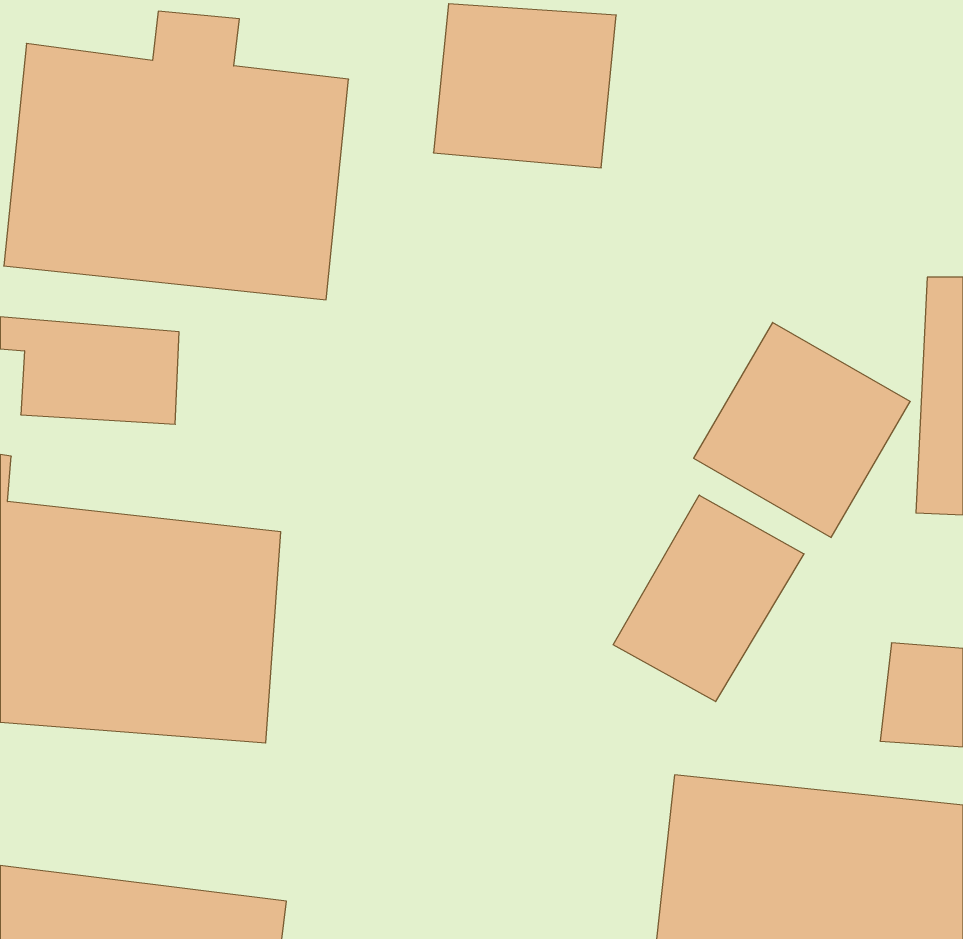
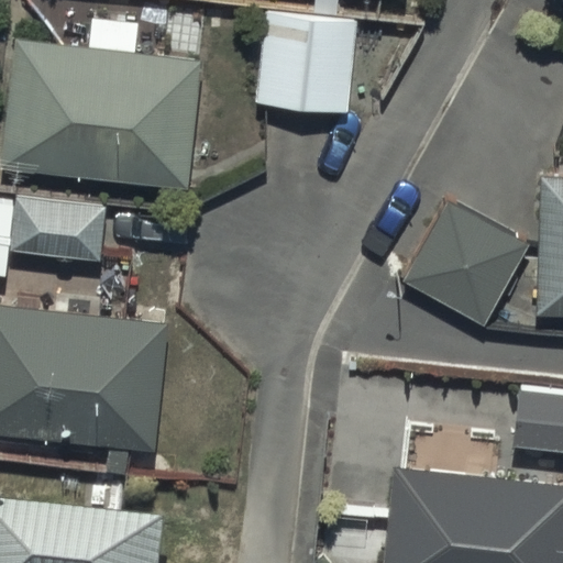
building: [613,495,804,702] -> none

